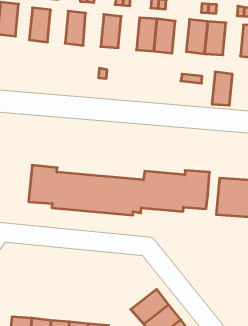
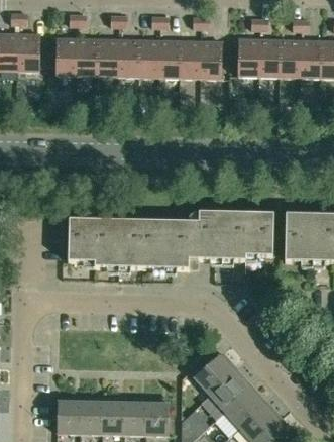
building: none -> [77,38,98,76]
building: none -> [118,39,139,77]
building: none -> [158,40,181,78]
building: [212,72,232,105] -> [280,39,301,77]

